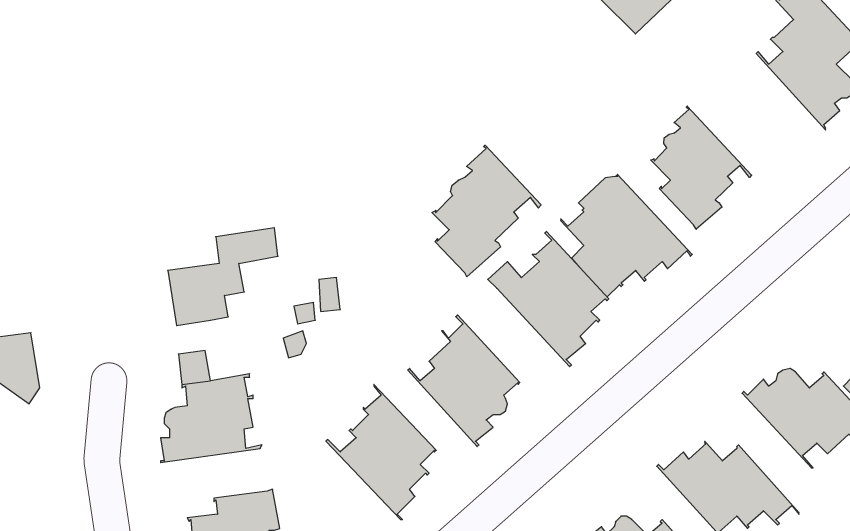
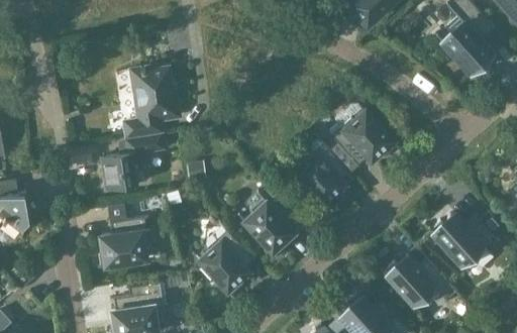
building: [651,106,752,229] -> none
building: none -> [124,68,178,140]
building: [432,145,541,277] -> none

